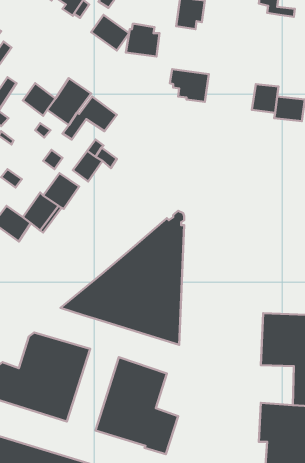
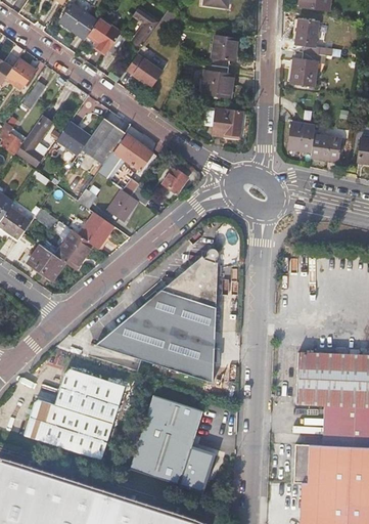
building: none -> [288,51,314,85]
building: [126,24,159,57] -> [201,64,235,97]
building: none -> [162,168,188,194]

